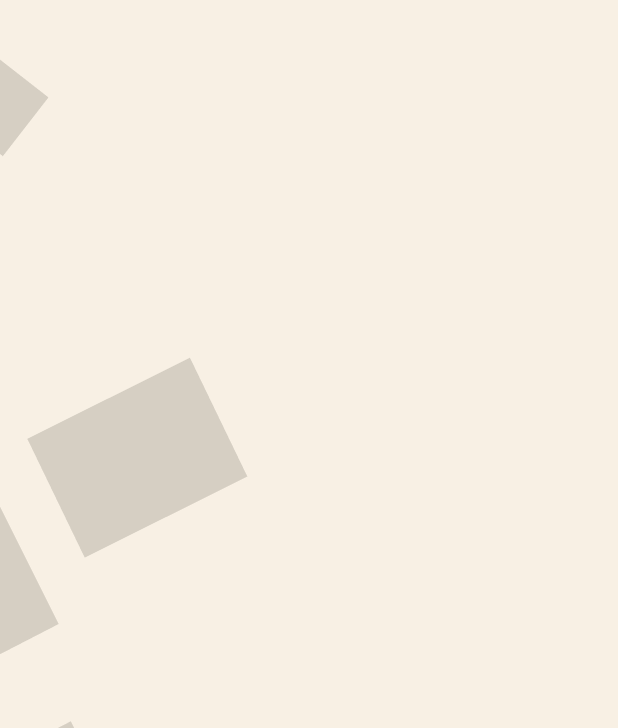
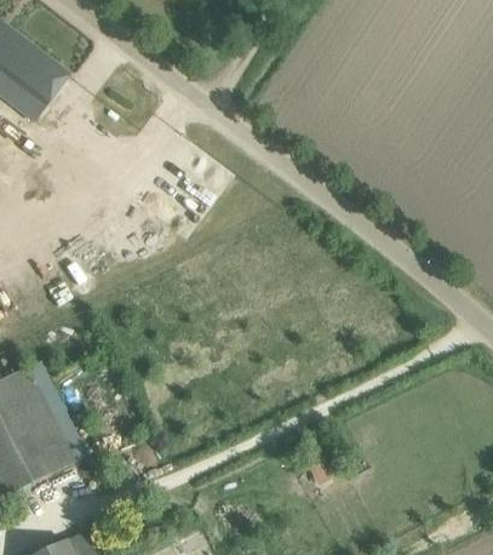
building: [27,357,248,559] -> none

